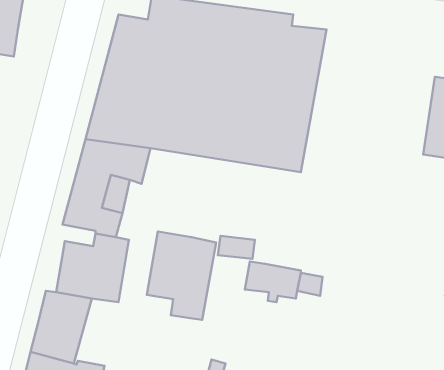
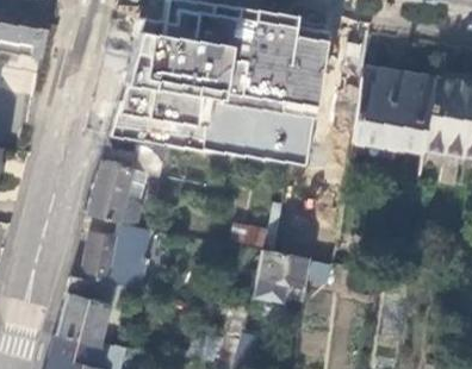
building: none -> [352,65,434,152]
building: [147,231,216,320] -> none

